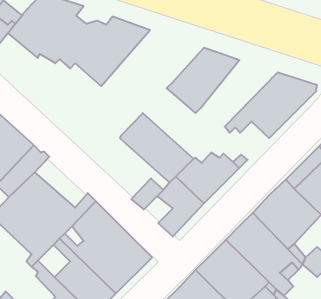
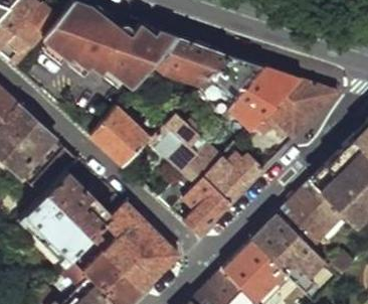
building: none -> [151,37,229,89]
building: none -> [226,66,301,132]
building: none -> [90,109,149,168]

